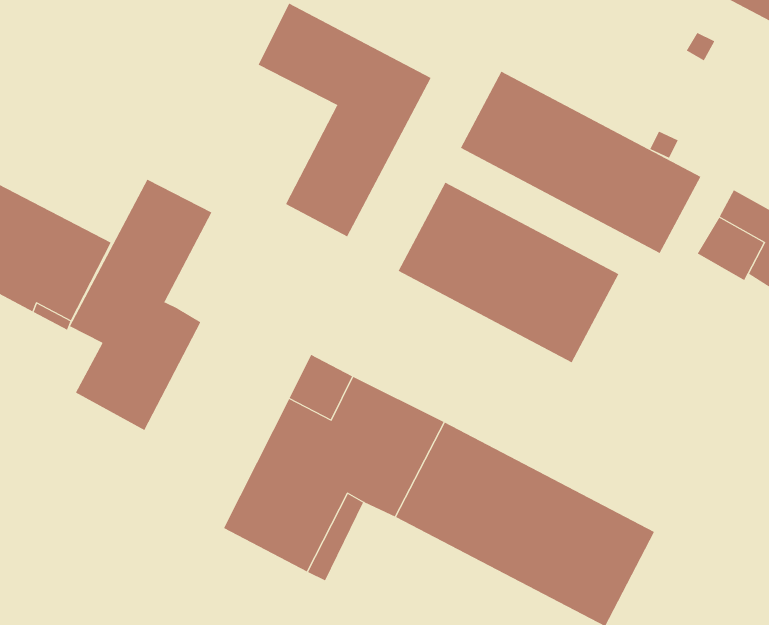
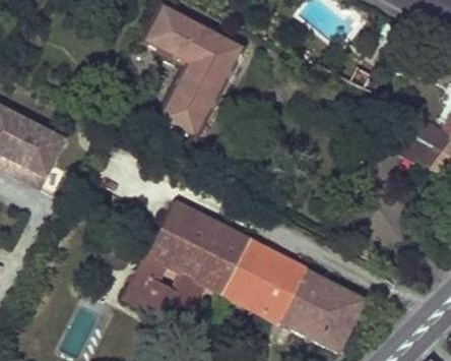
building: [460,71,701,254] -> none
building: [69,179,212,431] -> none
building: [398,182,619,363] -> none

